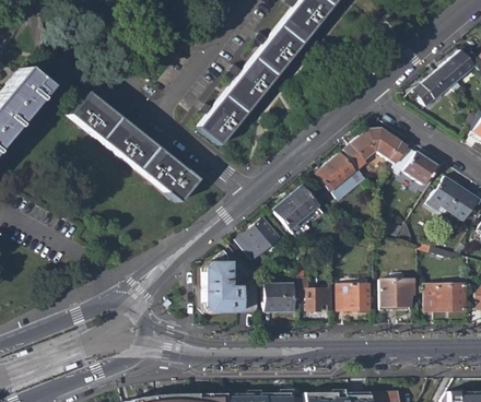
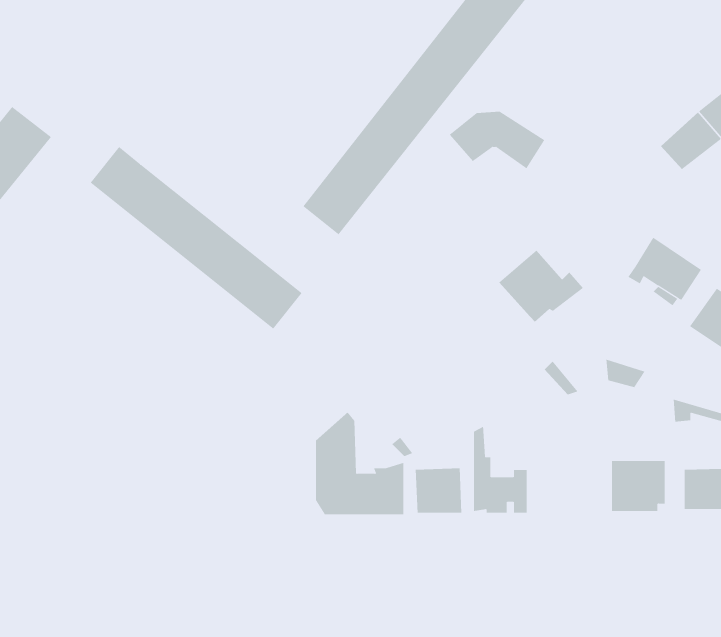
building: [351,128,409,163] -> [449,111,545,169]
building: [273,186,322,234] -> none
building: [237,217,280,258] -> none
building: [339,285,372,310] -> none

